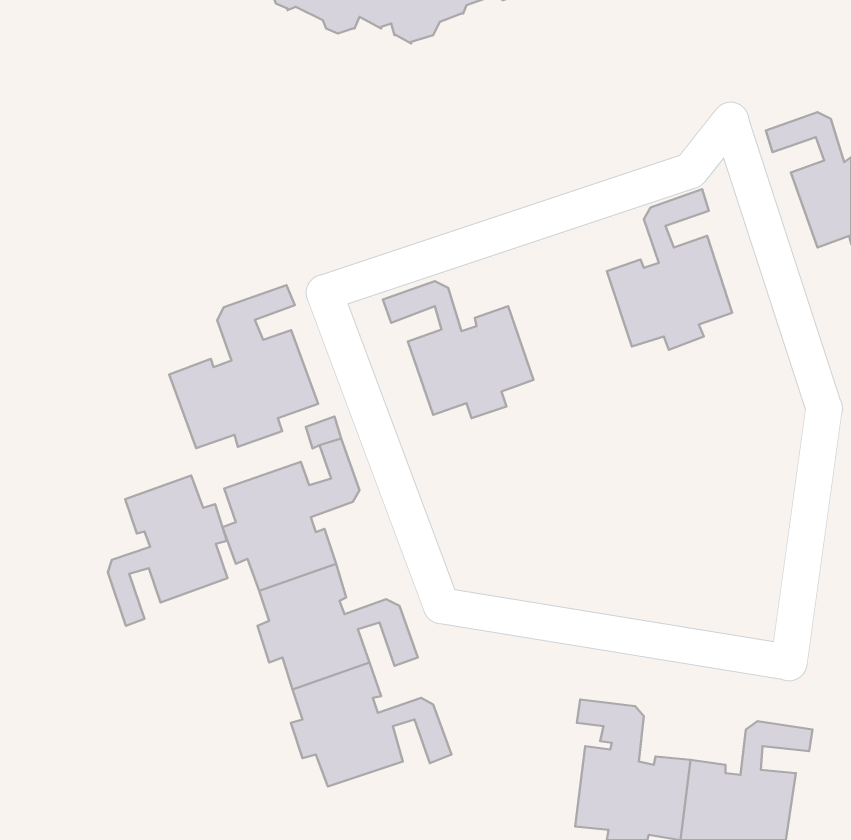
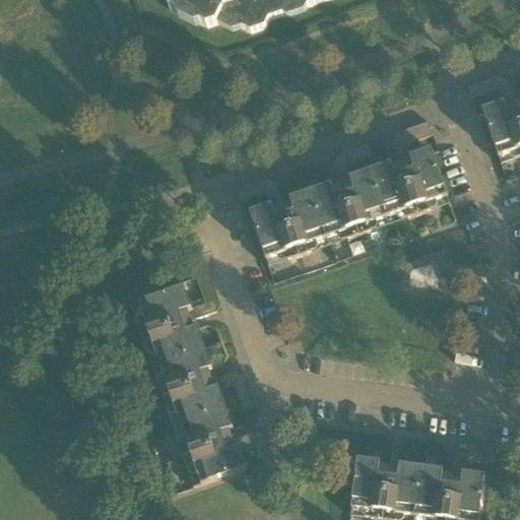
building: none -> [309,135,384,234]
building: [169,285,318,448] -> none
building: [108,476,228,626] -> none

